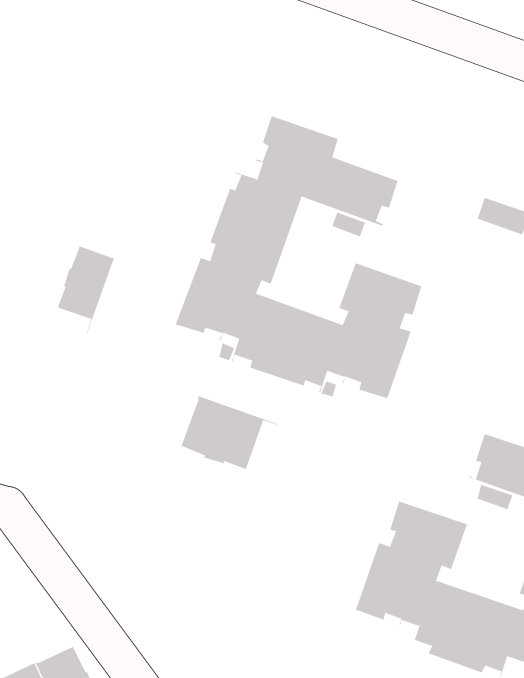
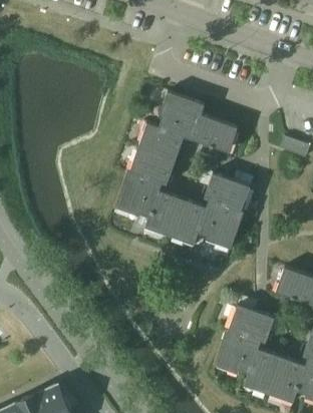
building: [57,246,115,334] -> none
building: [181,395,279,470] -> none

